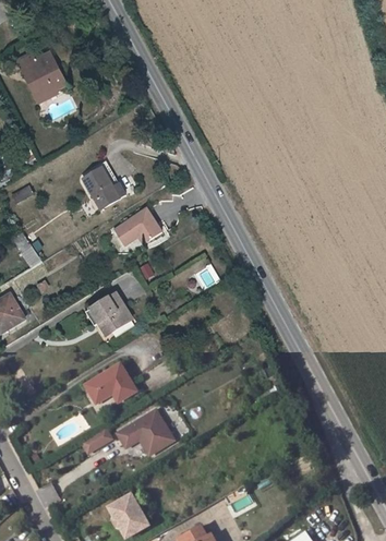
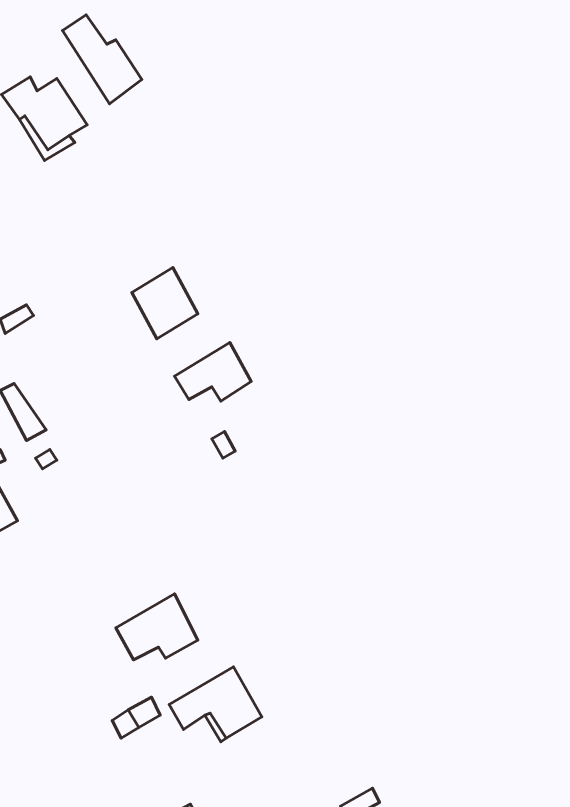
building: none -> [62,15,142,104]
building: [85,297,133,340] -> none

